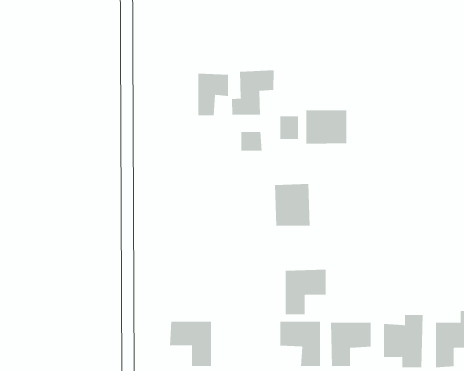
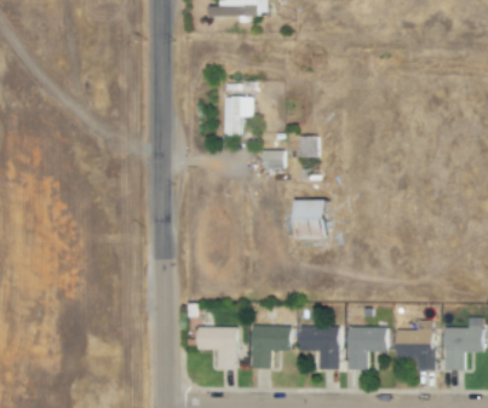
building: [231,69,274,115] -> none
building: [306,109,347,145] -> none
building: [285,269,326,315] -> [251,326,289,368]

